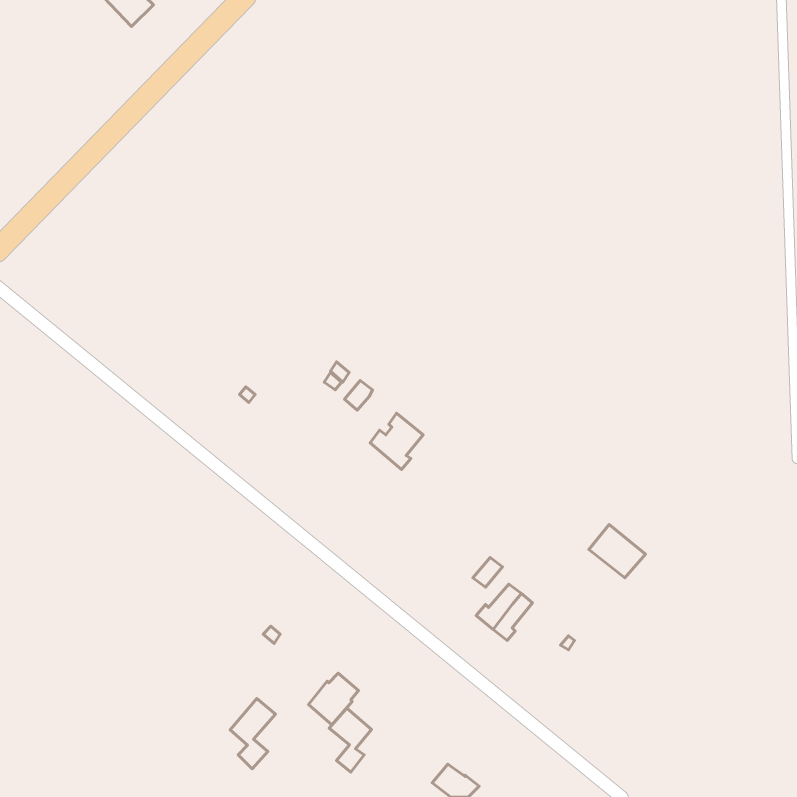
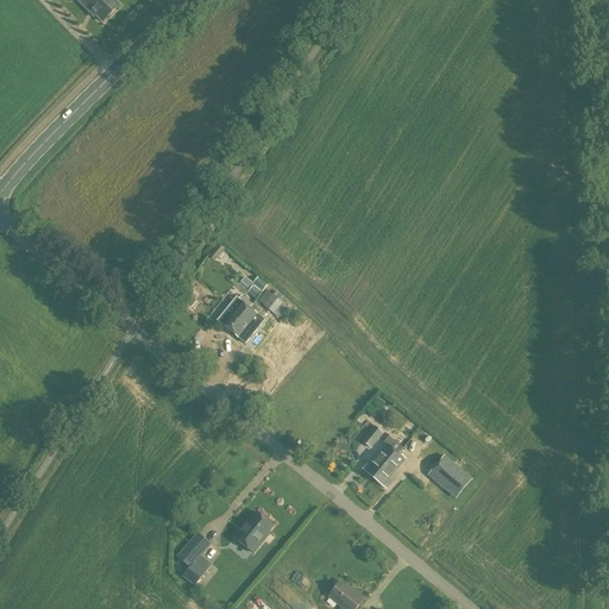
building: [370,413,423,469] -> [215,296,256,339]
building: [589,525,645,578] -> [427,453,470,494]
building: [329,708,372,772] -> none

